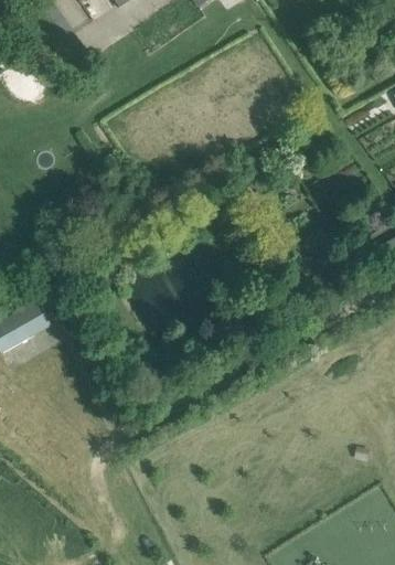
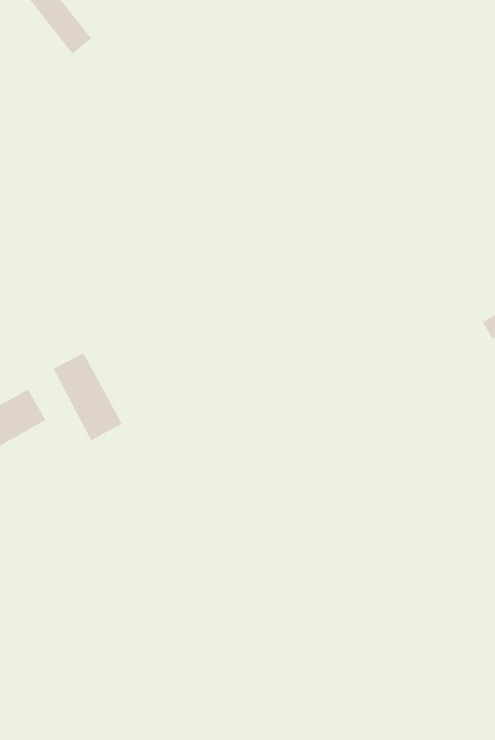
building: none -> [52,352,123,441]

